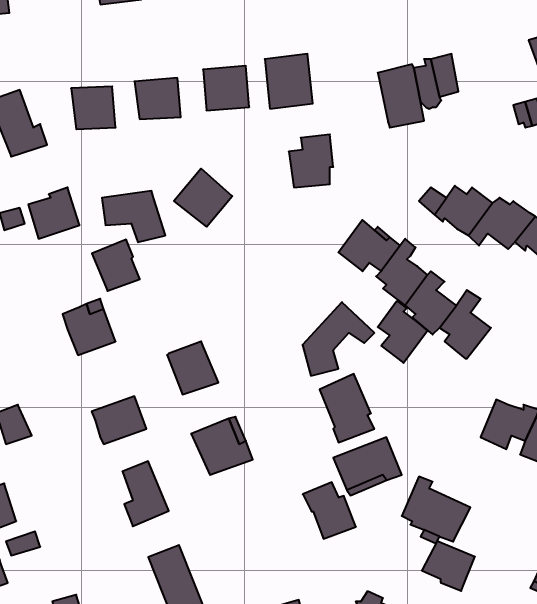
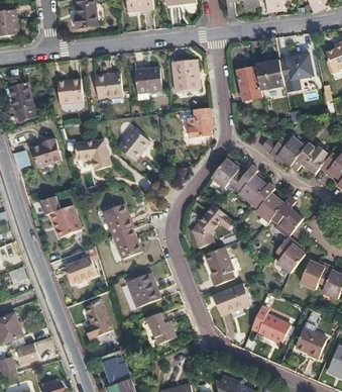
building: none -> [286,53,314,79]
building: [92,240,140,291] -> [104,205,132,235]
building: [378,301,427,363] -> [276,238,306,275]
building: [303,482,356,539] -> [146,312,178,346]
building: [422,541,475,591] -> [294,331,325,361]

